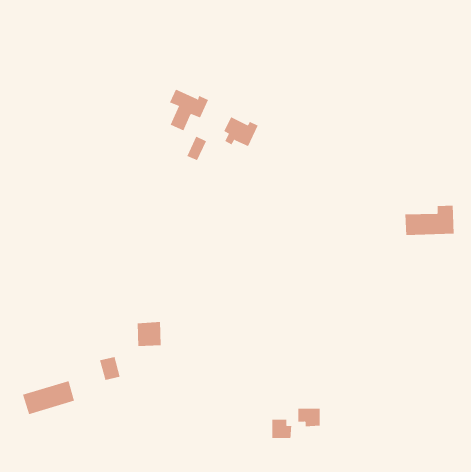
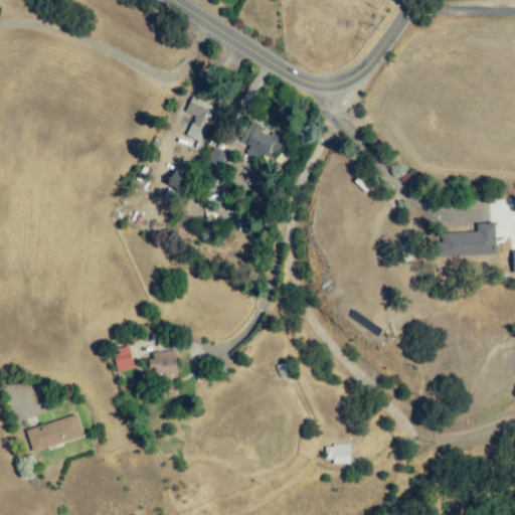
building: none -> [168,166,193,192]
building: [99,356,121,380] -> [112,346,135,372]
building: [272,419,292,439] -> none

